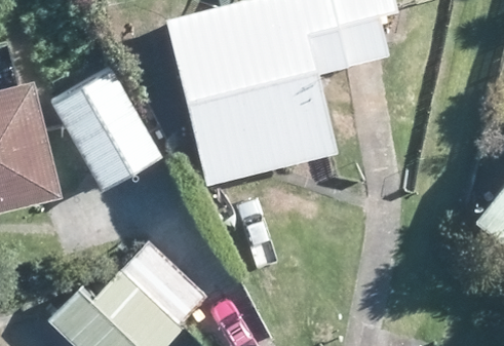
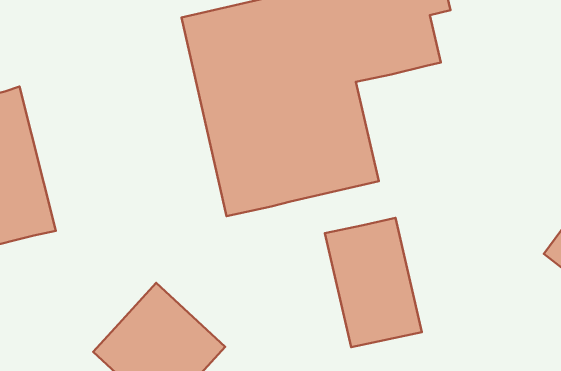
building: [53,70,159,190] -> none
building: none -> [325,218,422,347]

